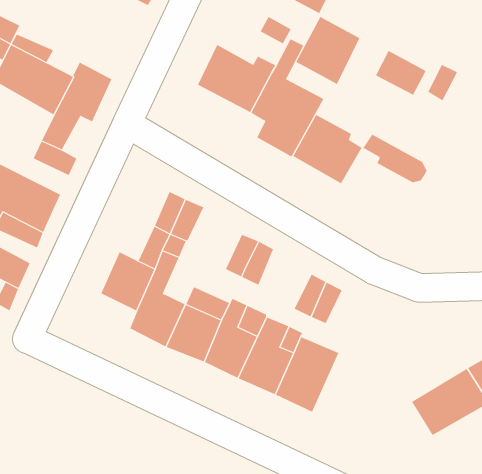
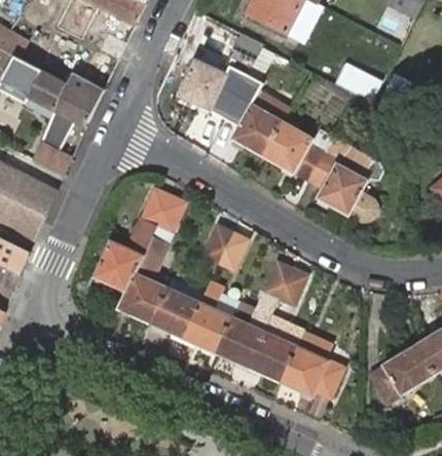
building: [296,16,360,85] -> none
building: none -> [305,149,375,218]
building: none -> [280,330,343,397]

